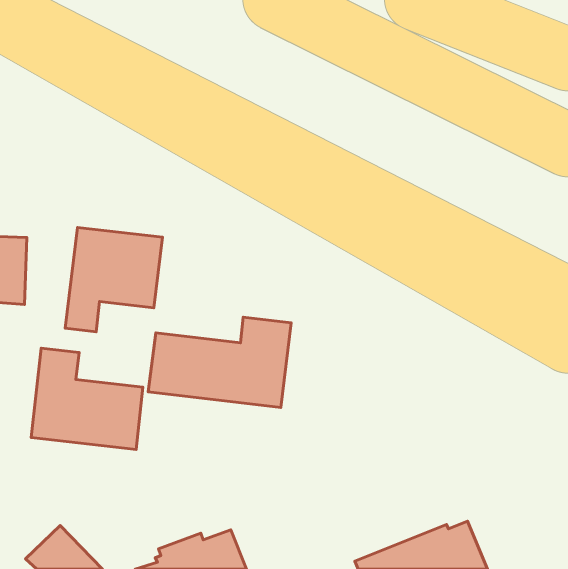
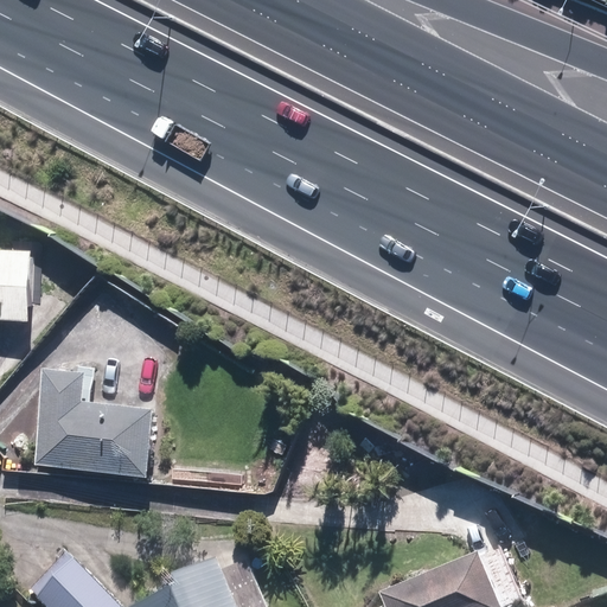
building: [65,227,163,332] -> none
building: [148,317,291,407] -> none

